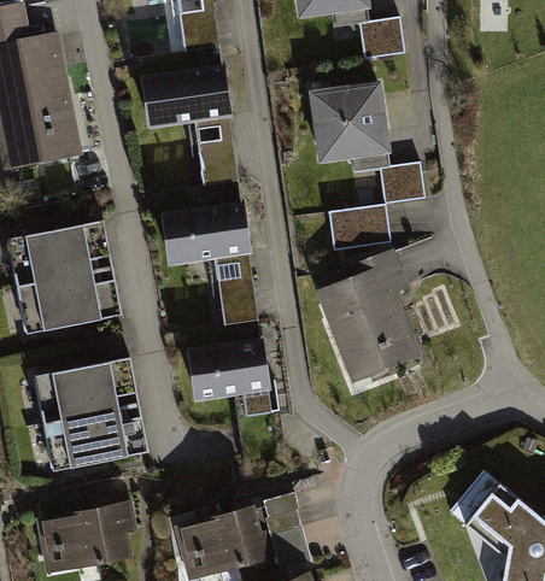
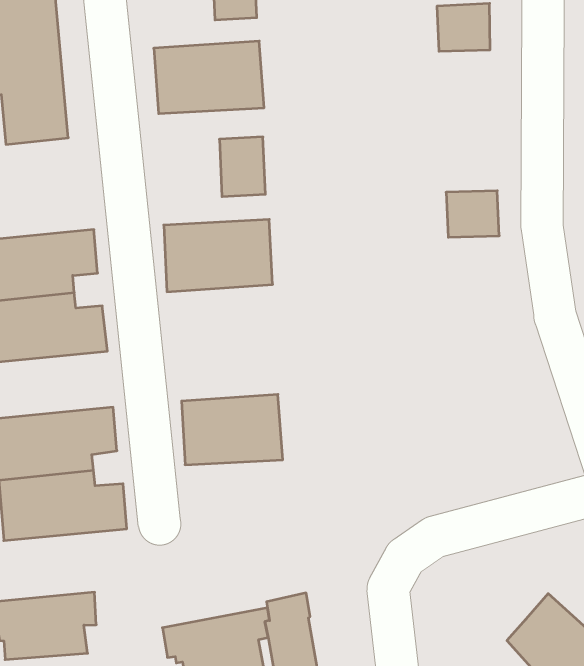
building: [306,81,388,163] -> none
building: [326,204,388,250] -> none
building: [320,248,416,375] -> none
building: [216,276,256,324] -> none

